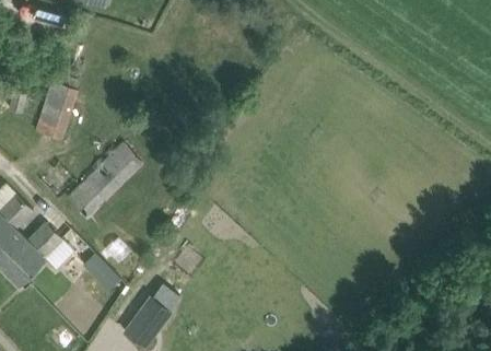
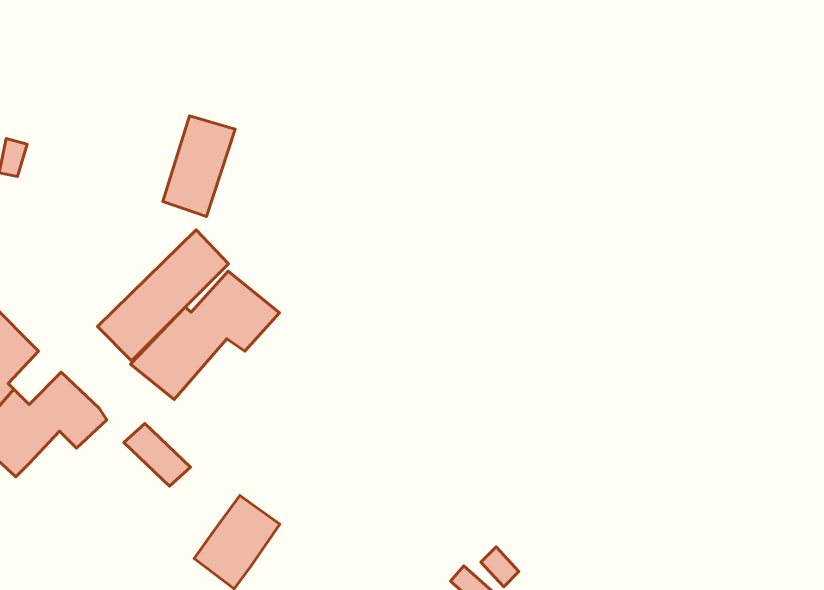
building: [36,83,78,141] -> [163,116,235,217]
building: none -> [131,271,280,399]

